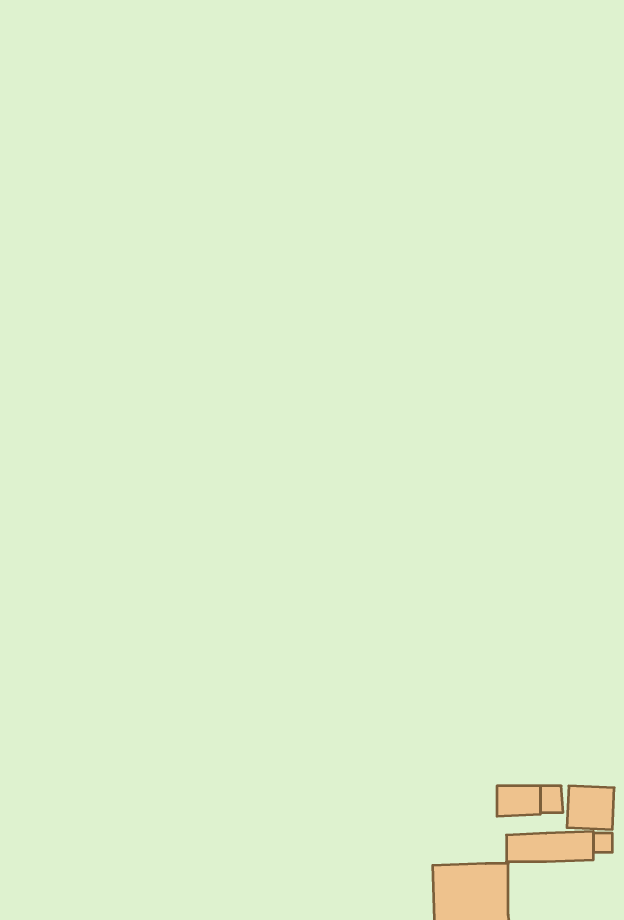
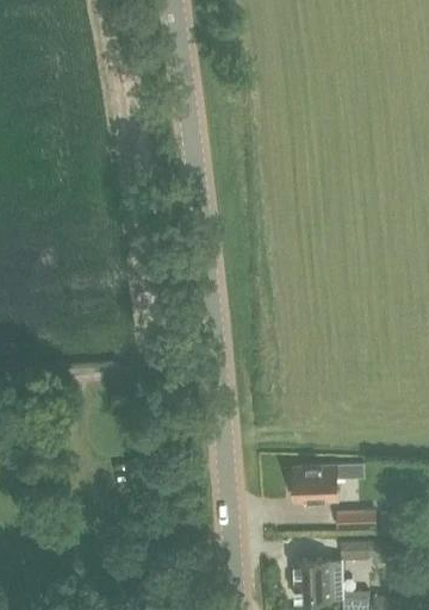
building: none -> [290,463,356,499]

